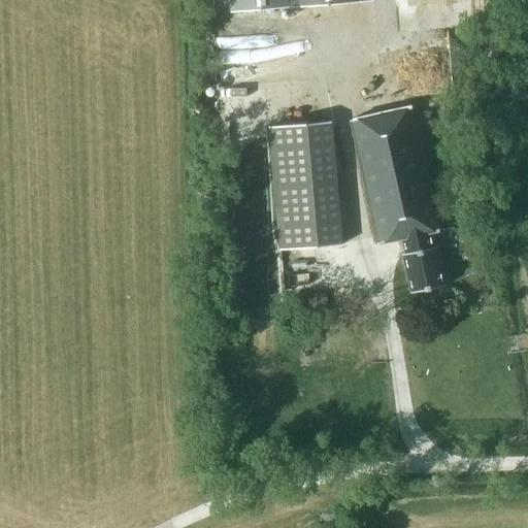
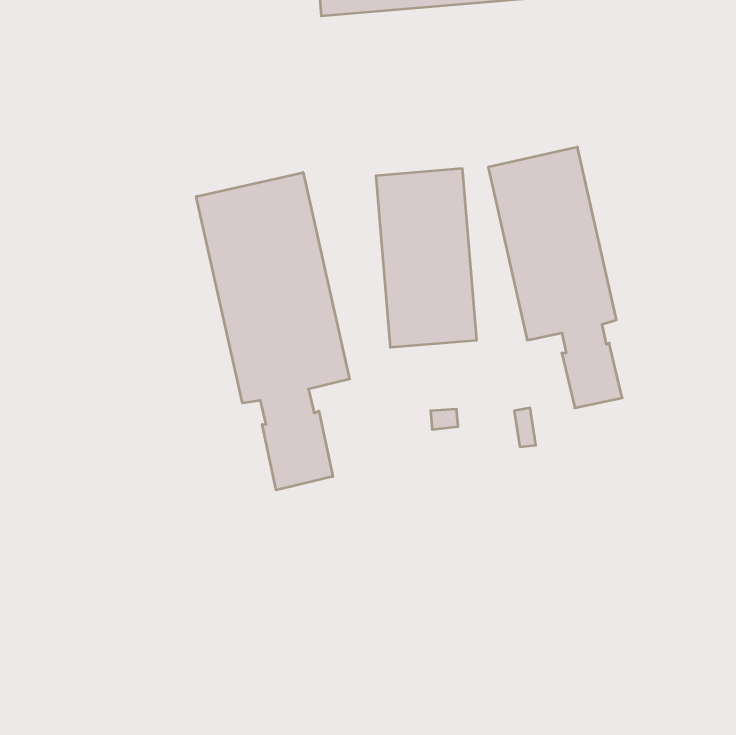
building: none -> [196,172,350,490]

